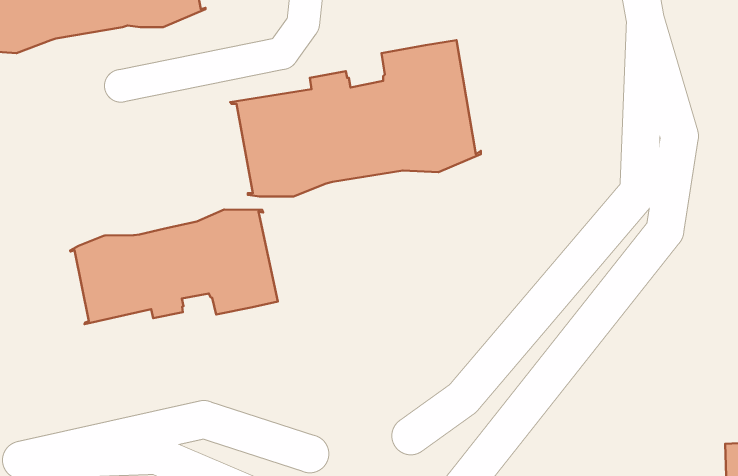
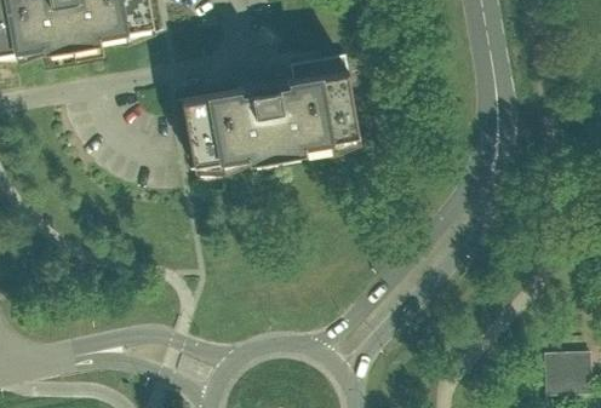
building: [70,210,278,324] -> none

